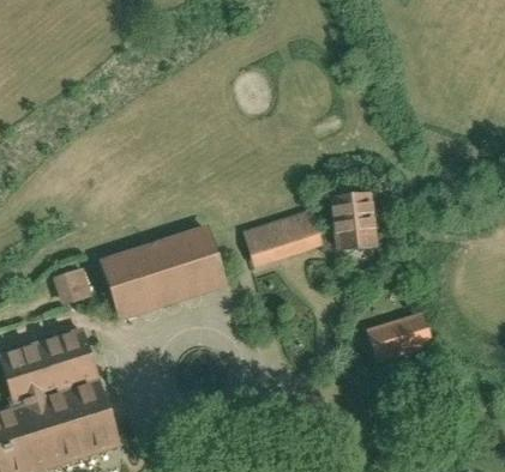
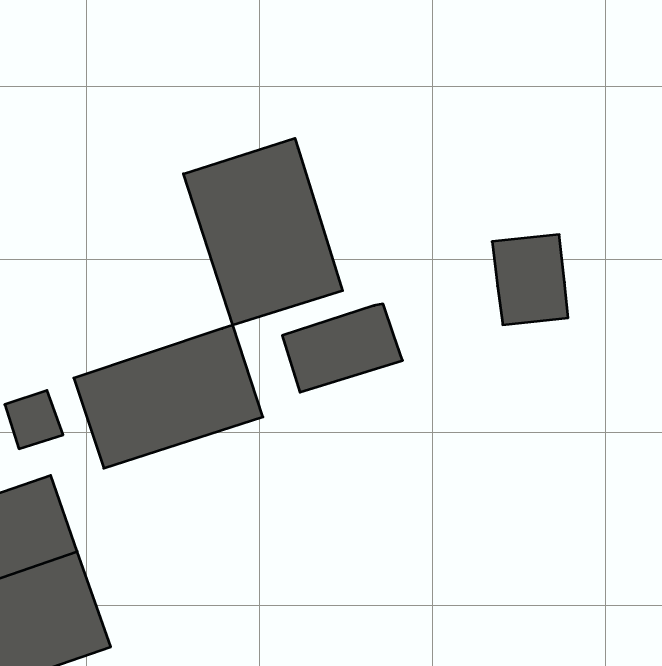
building: none -> [183,138,343,325]
building: [330,192,381,253] -> [492,235,568,325]
building: [362,311,433,363] -> none

